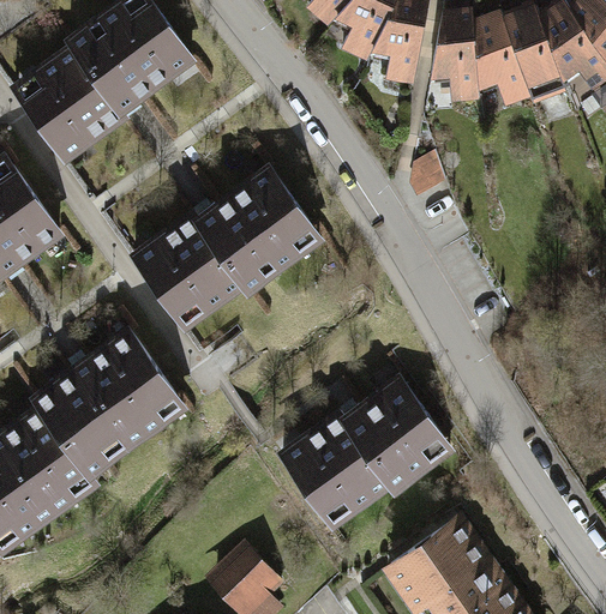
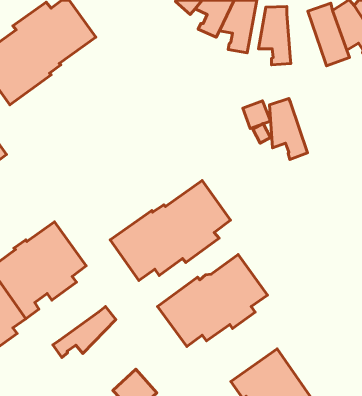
building: [474,16,530,106] -> [269,98,308,159]
building: [136,170,313,318] -> [110,180,231,281]
building: none -> [53,307,116,357]

